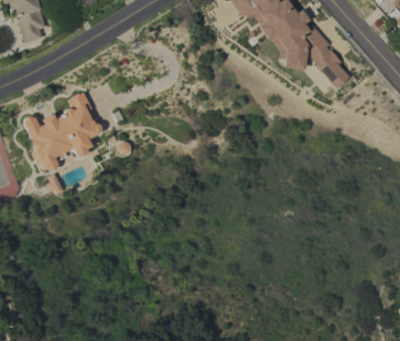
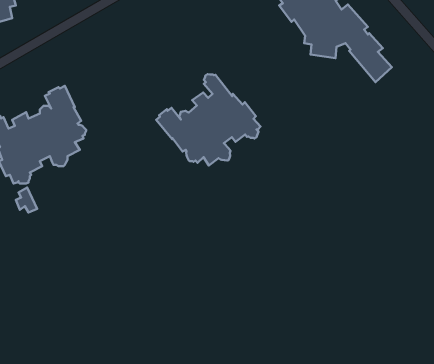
building: none -> [156,74,260,165]

